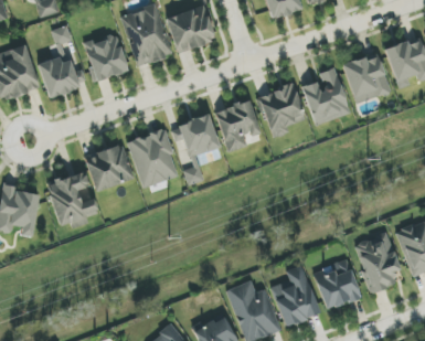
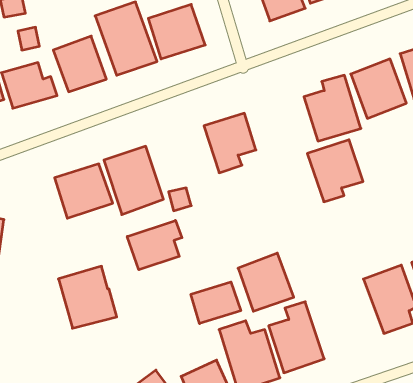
building: [257,83,306,137] -> [307,140,363,202]
building: [177,113,220,157] -> none
building: [46,170,97,224] -> [58,266,117,328]
building: none -> [127,220,182,270]
building: none -> [191,282,241,324]
building: [312,258,361,309] -> [238,253,294,311]

